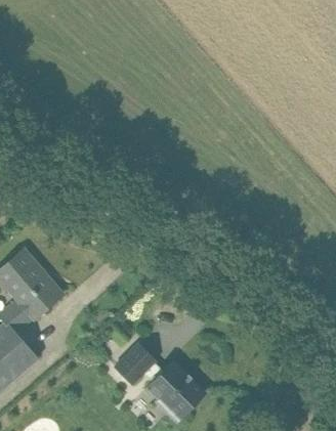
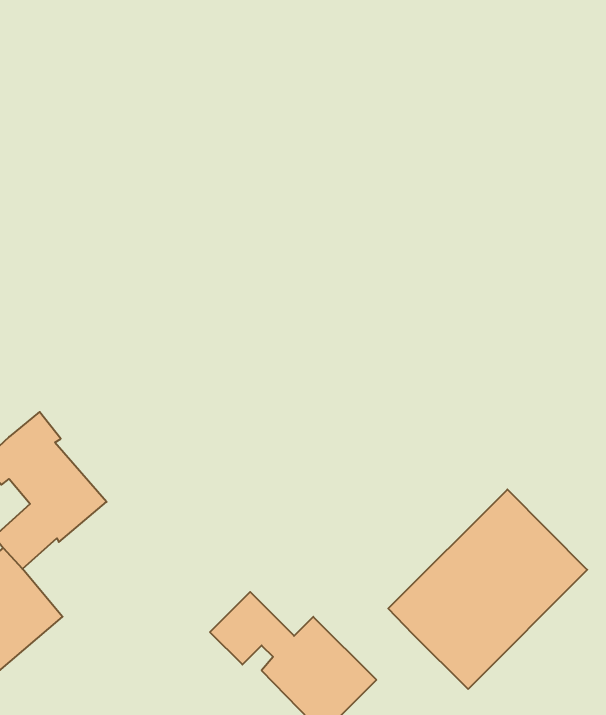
building: none -> [388,489,587,689]

